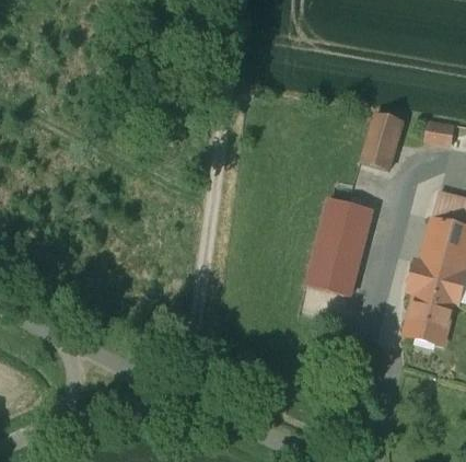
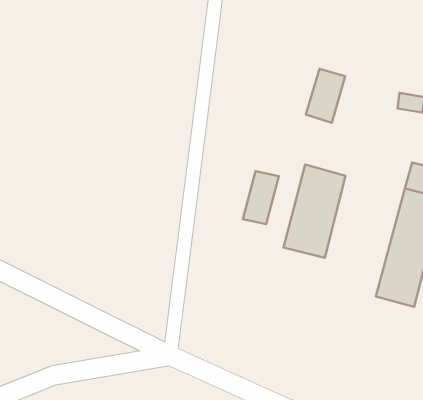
building: [361,112,403,169] -> [306,69,345,123]
building: none -> [243,171,279,224]

